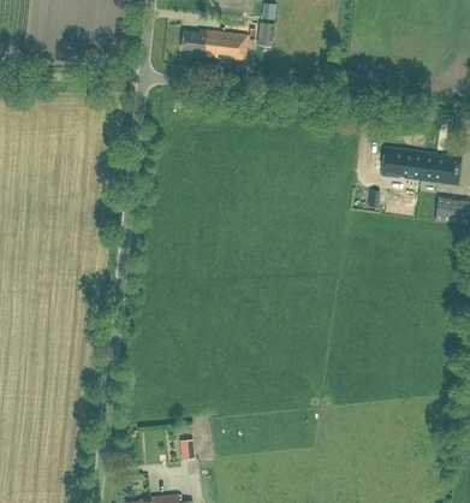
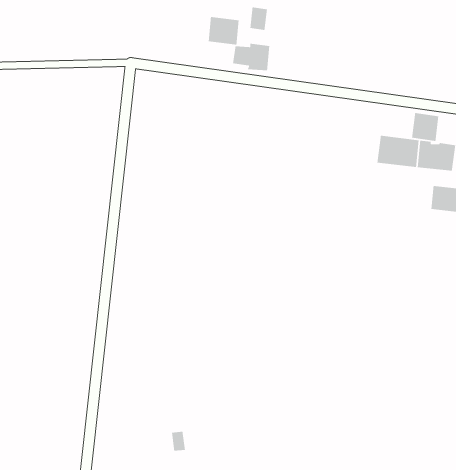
building: [182,29,219,57] -> [232,43,270,71]
building: none -> [411,112,439,142]

